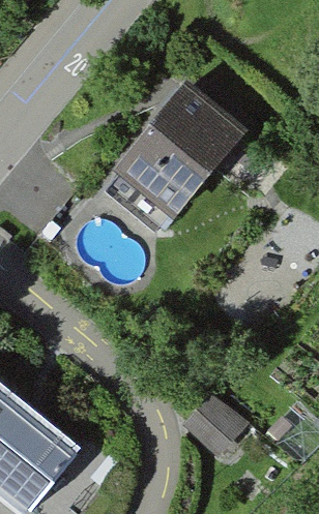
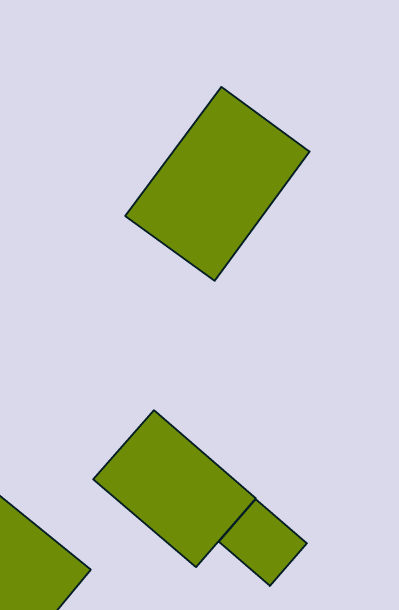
building: none -> [93,410,256,567]

